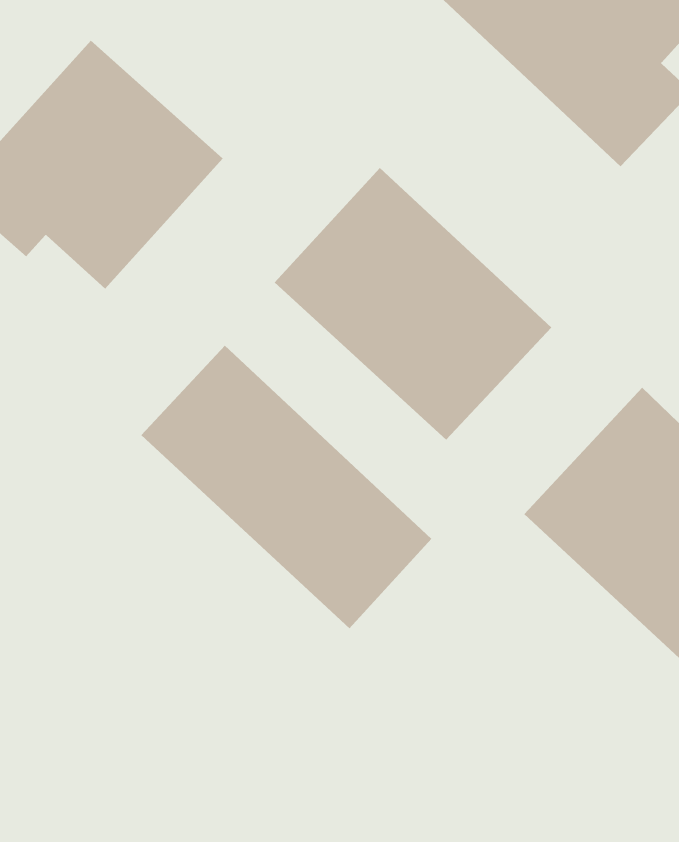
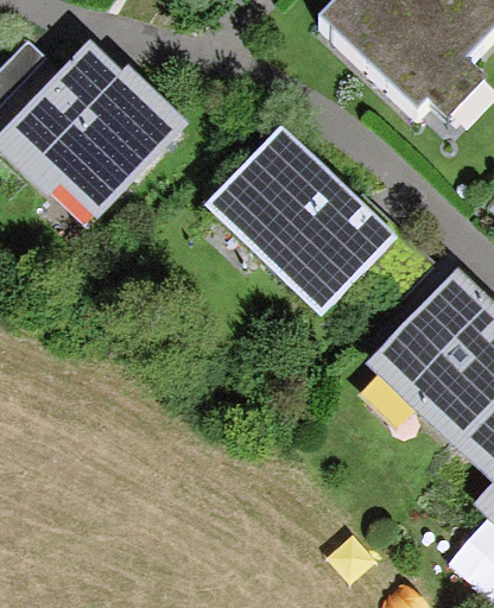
building: [141,345,432,629] -> none

